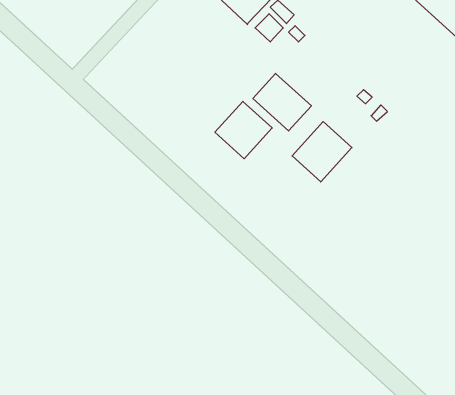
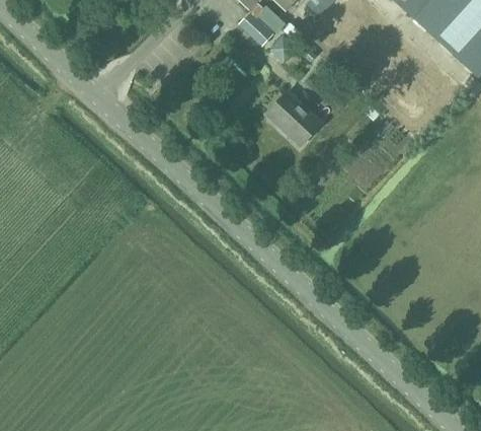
building: [215,101,272,159] -> none
building: [292,122,352,182] -> none

